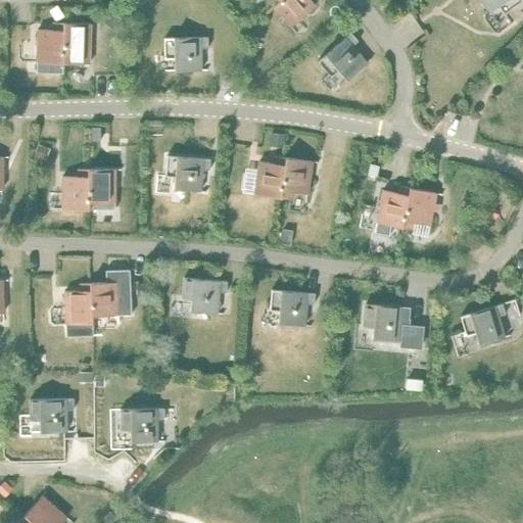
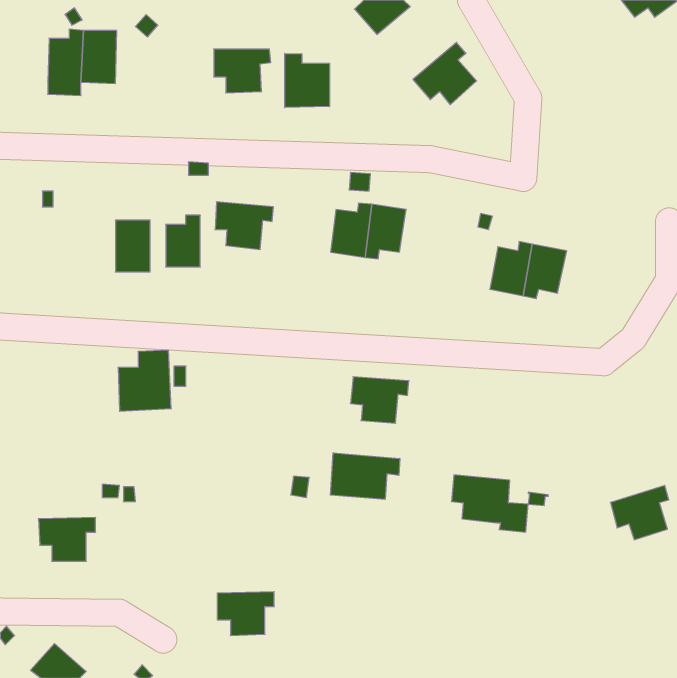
building: none -> [285,53,329,108]
building: [63,170,90,209] -> [166,215,200,267]
building: [183,278,229,314] -> none
building: [65,283,94,337] -> none
building: [462,303,507,345] -> [610,485,669,540]
building: [365,304,424,348] -> [451,475,528,532]
building: none -> [330,453,400,499]
building: [122,409,165,442] -> [217,592,274,636]

